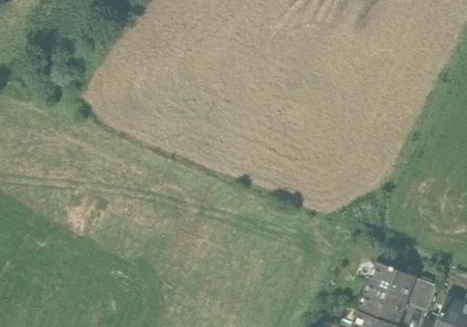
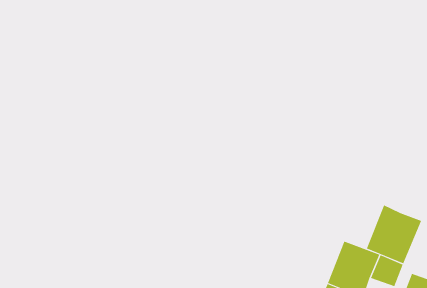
building: none -> [366,205,422,264]

